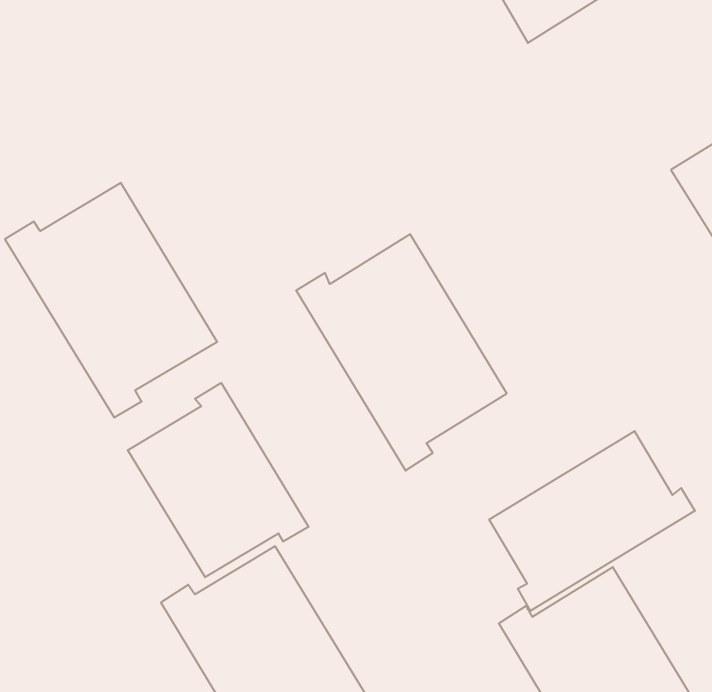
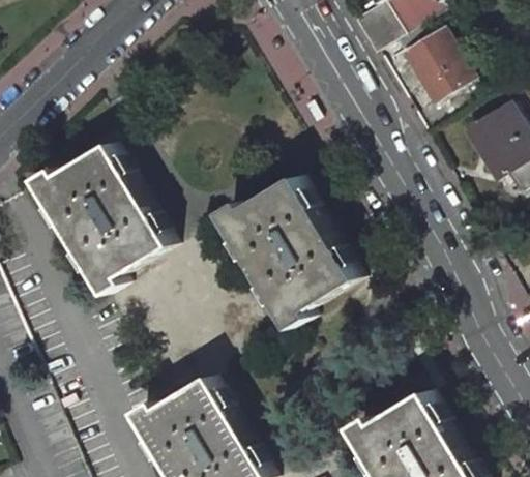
building: none -> [391,35,465,107]
building: [128,383,309,577] -> none
building: [489,431,695,611] -> none

